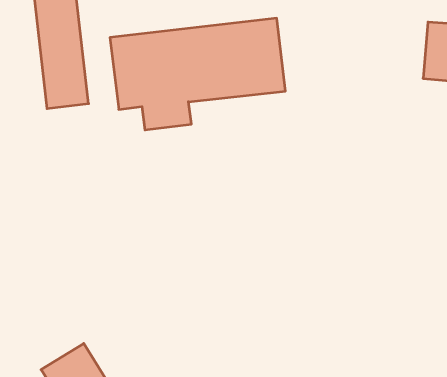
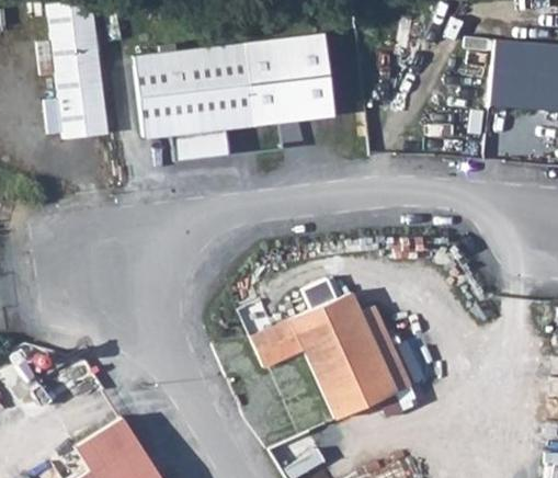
building: none -> [253,292,409,418]

